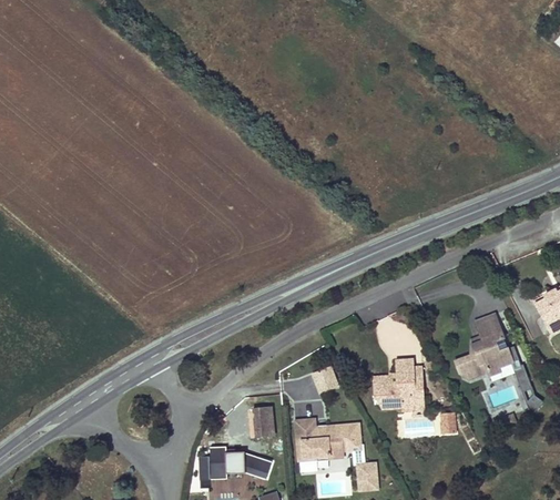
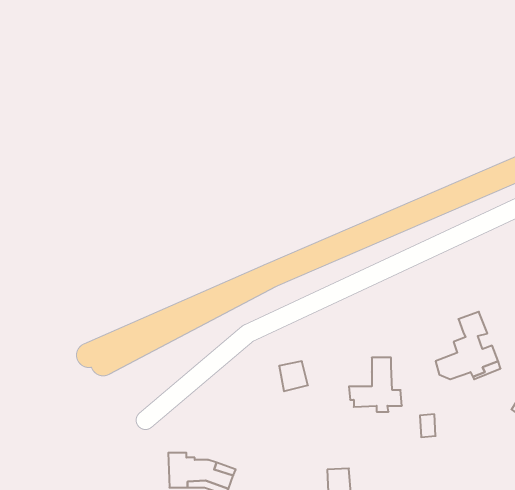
building: [254,406,274,437] -> none
building: [296,419,360,459] -> none

